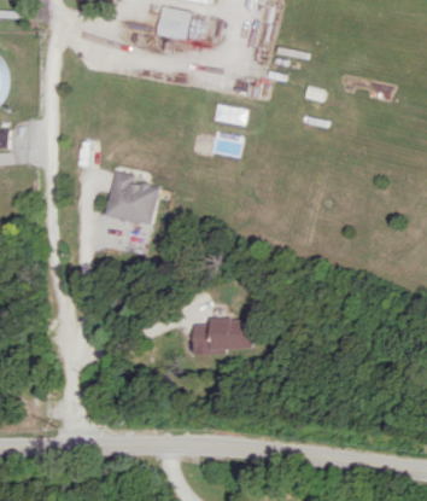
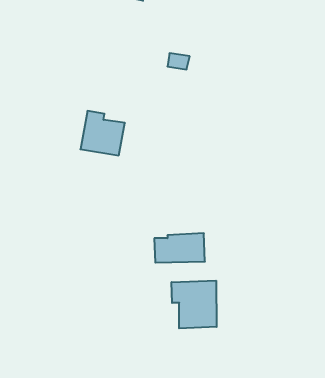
building: none -> [172,281,217,328]

